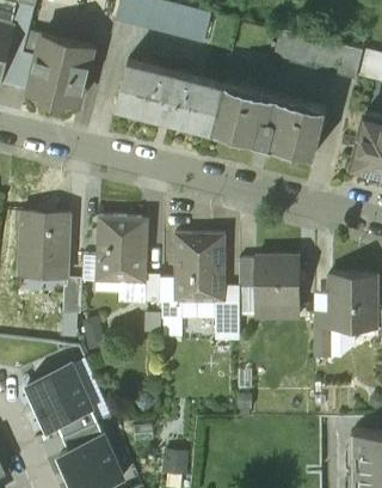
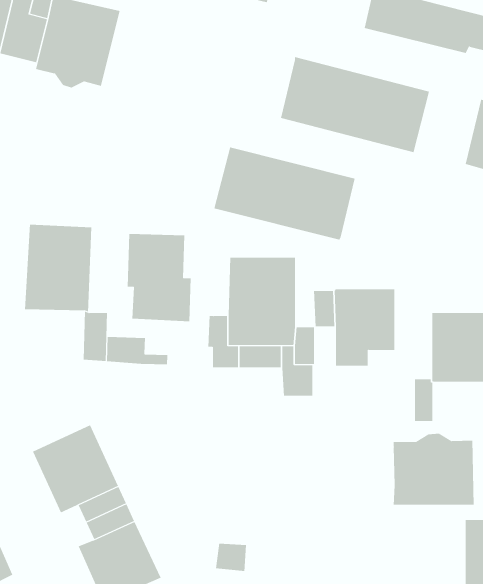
building: [116,62,223,133] -> [214,147,356,240]
building: none -> [106,336,168,365]
building: none -> [393,433,474,506]

